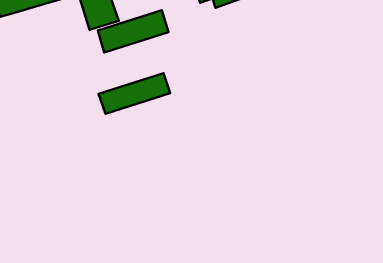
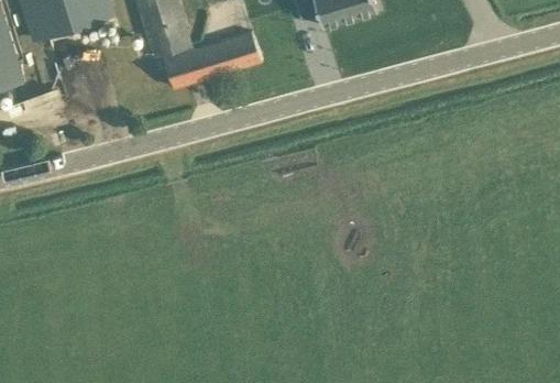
building: [99,73,170,114] -> none

